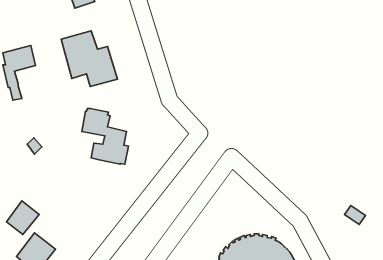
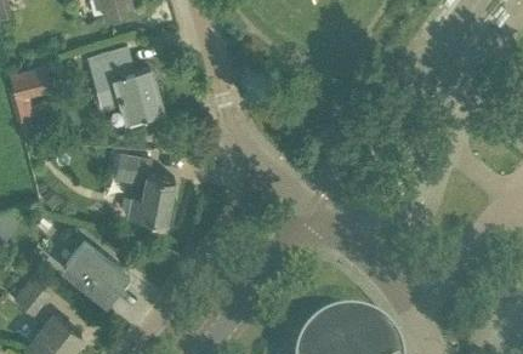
building: none -> [66,235,130,296]

